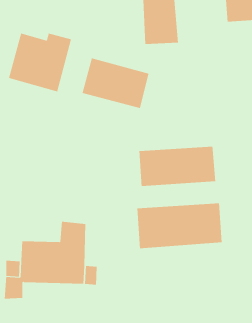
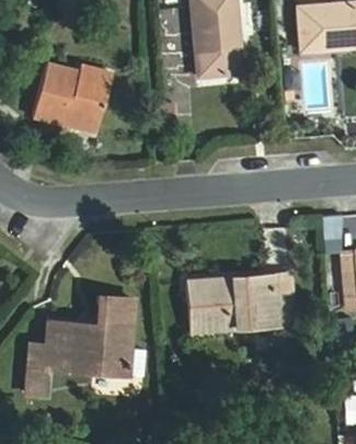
building: [82,58,149,109] -> none
building: [139,146,216,187] -> none

